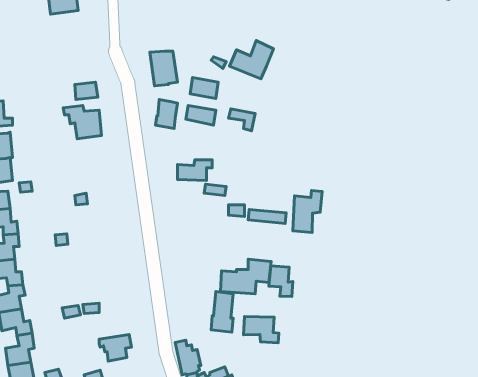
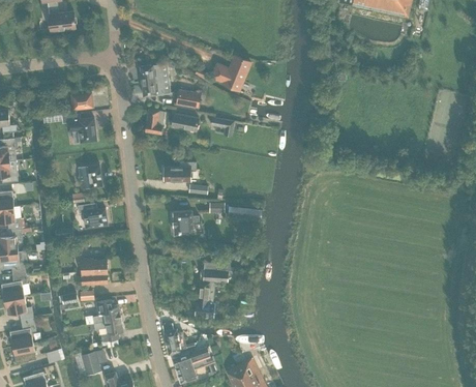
building: none -> [78,163,101,187]
building: [293,190,322,233] -> none
building: none -> [77,203,107,227]
building: none -> [172,210,198,234]
building: [269,266,293,297] -> none
building: none -> [81,258,107,285]
building: none -> [84,298,120,324]
building: [243,317,279,343] -> none

